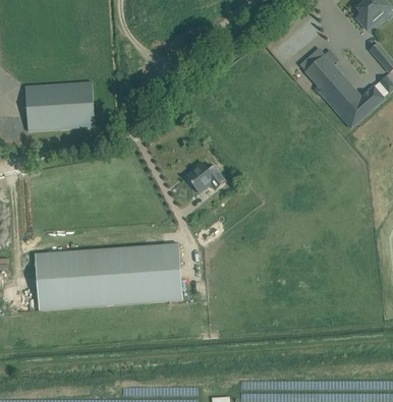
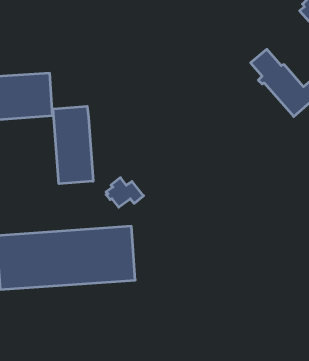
building: none -> [53,106,93,184]
building: [185,161,225,192] -> [106,178,144,207]

